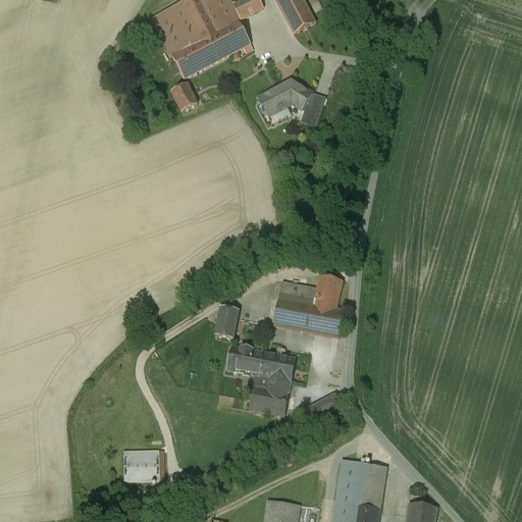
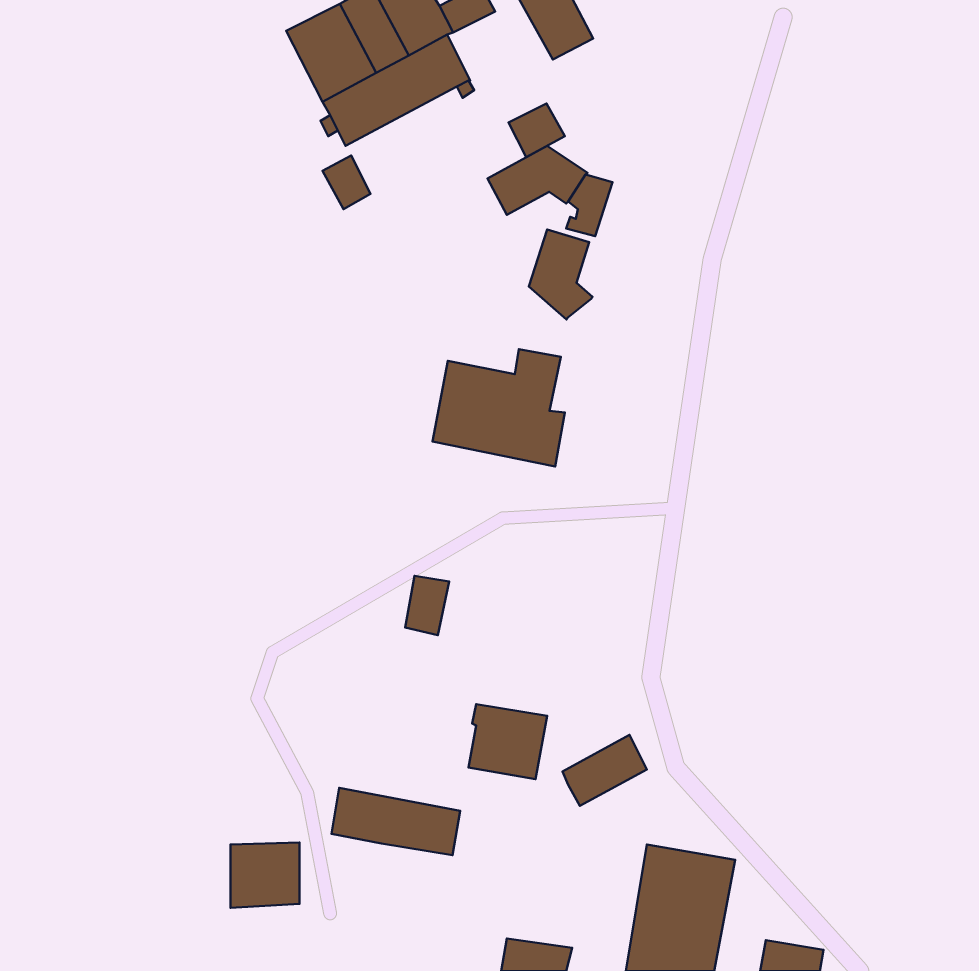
building: none -> [509,104,565,157]
building: none -> [529,229,593,320]
building: [273,274,344,336] -> [432,349,565,466]
building: [226,345,295,380] -> [331,788,460,855]

